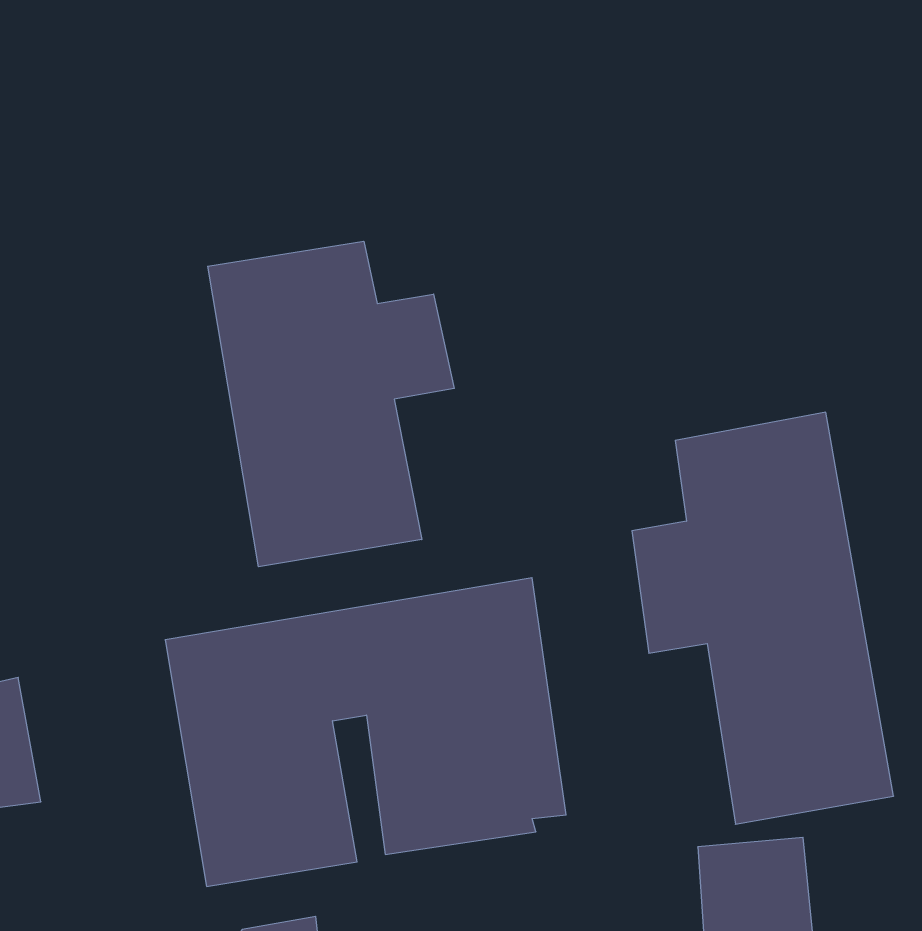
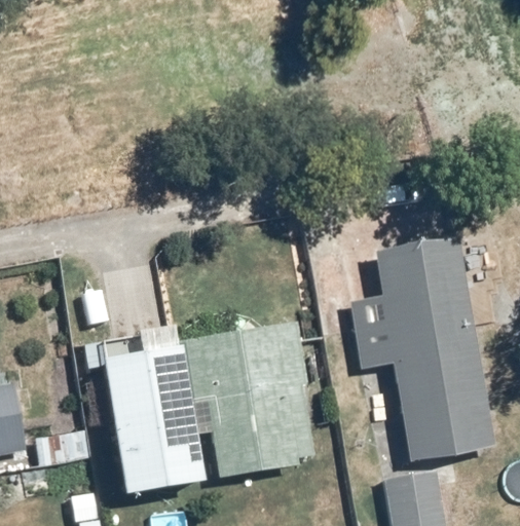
building: [208,241,454,567] -> none

